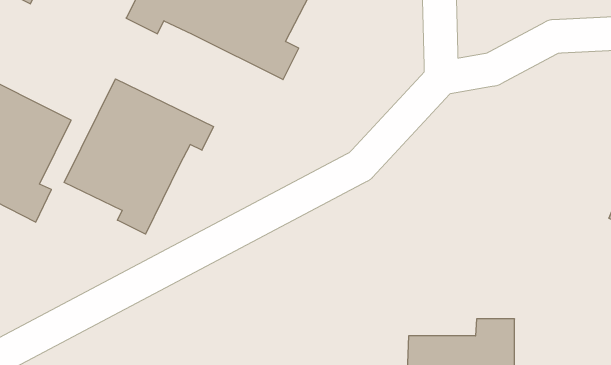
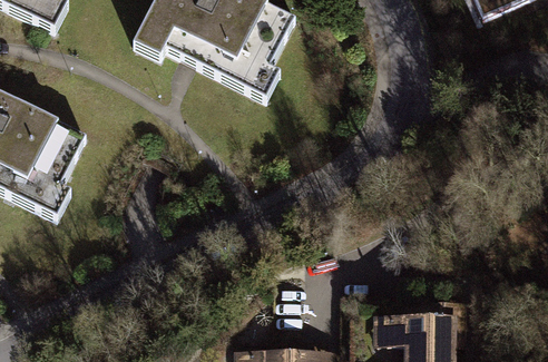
building: [64,79,213,234] -> none

